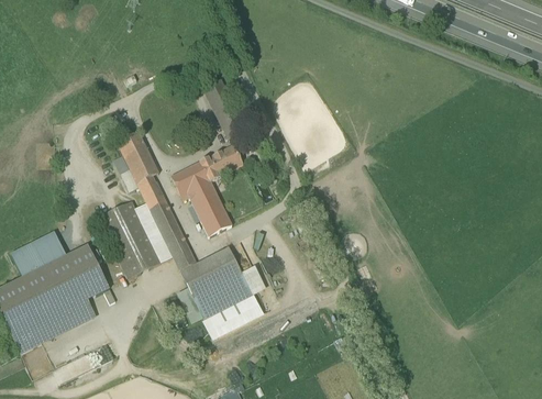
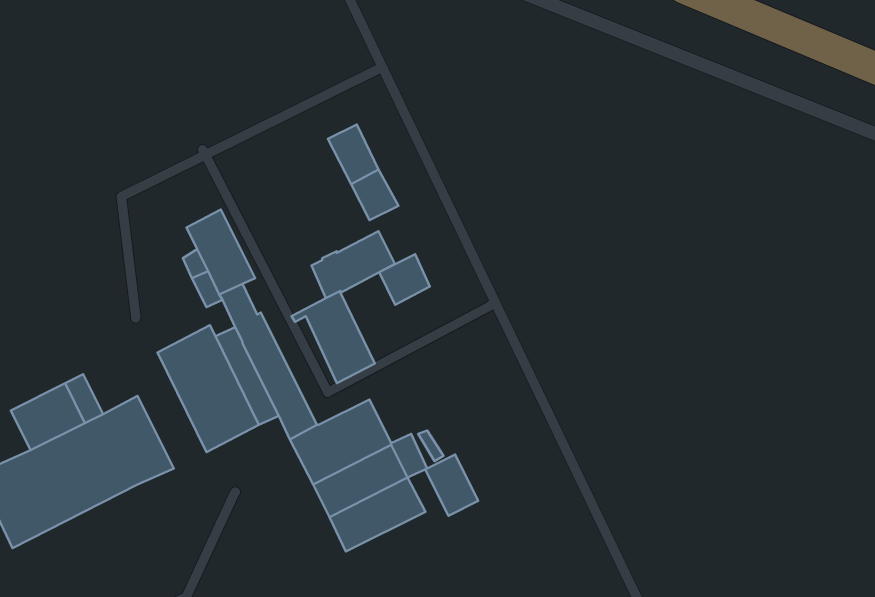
building: [172,165,202,196] -> [379,254,430,305]
building: none -> [425,454,478,516]
building: [12,298,97,353] -> none

